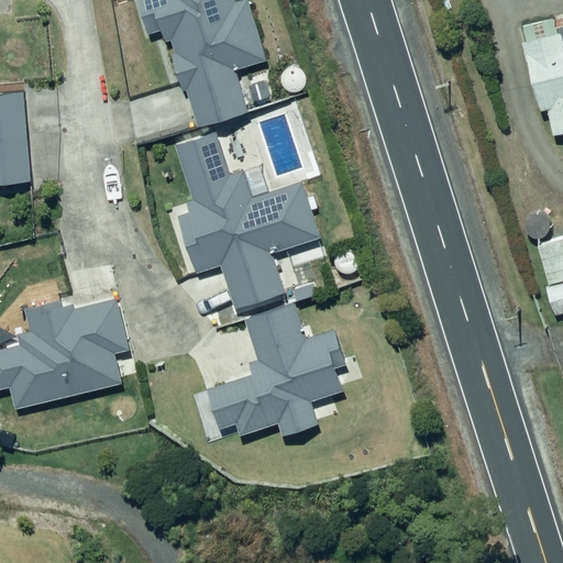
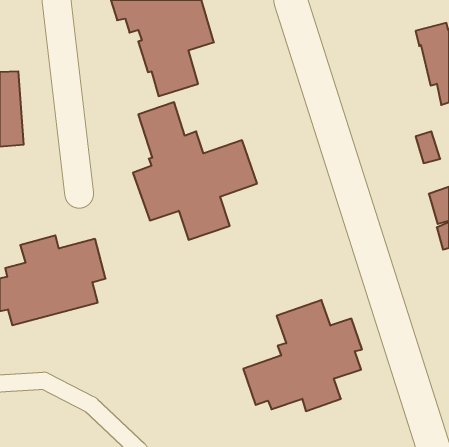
building: [203,299,352,438] -> [243,300,362,411]

